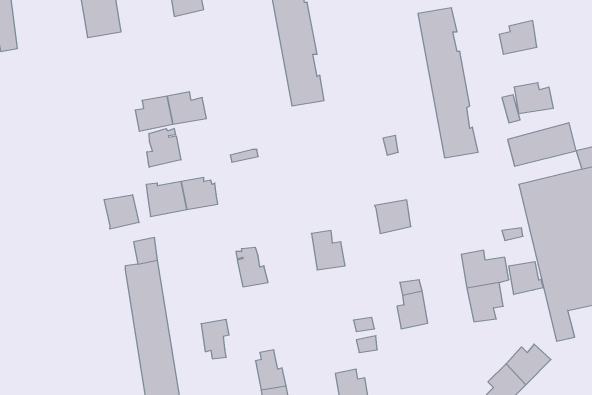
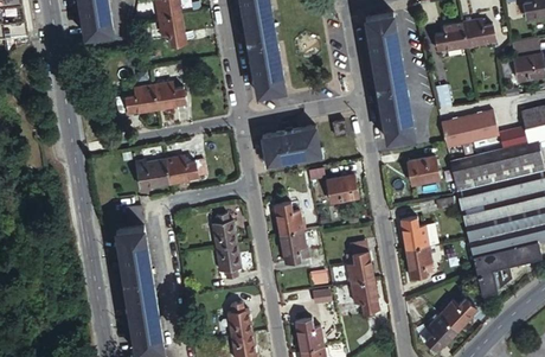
building: none -> [159,13,190,47]
building: [514,83,553,114] -> [462,19,495,45]
building: [147,128,181,167] -> none
building: none -> [263,127,322,162]
building: none -> [408,157,440,183]
building: [104,195,139,229] -> none
building: [509,262,543,295] -> none
building: none -> [280,230,307,262]
building: [201,319,229,359] -> [217,244,241,278]
building: none -> [351,279,379,318]

